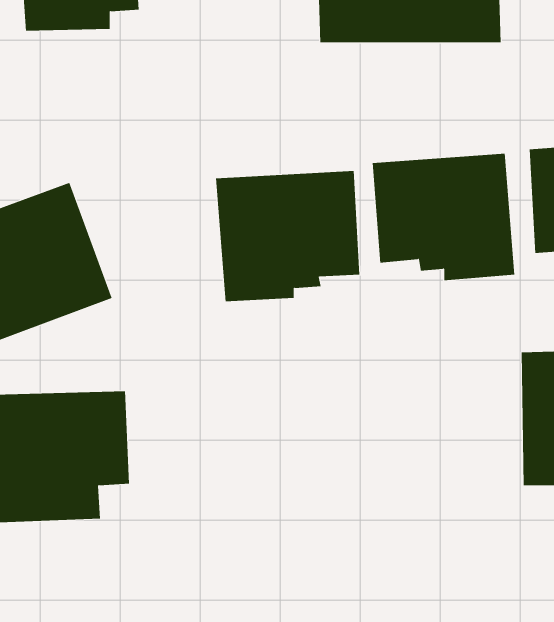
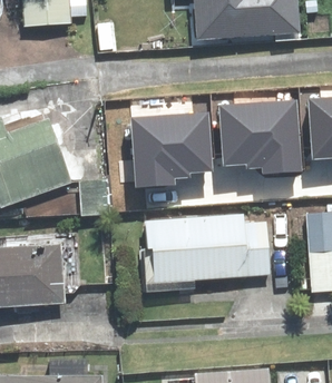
building: none -> [141,214,268,283]

